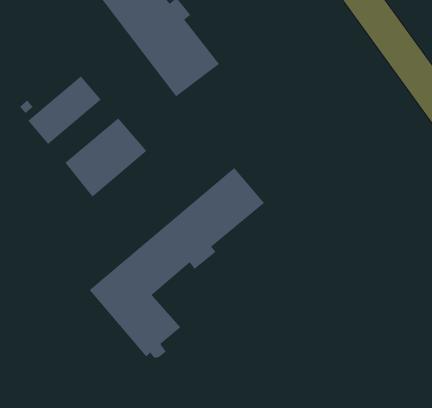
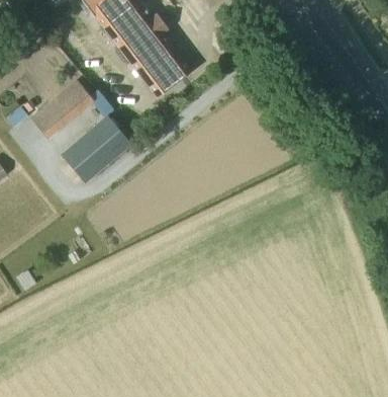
building: [89,167,265,359] -> none

